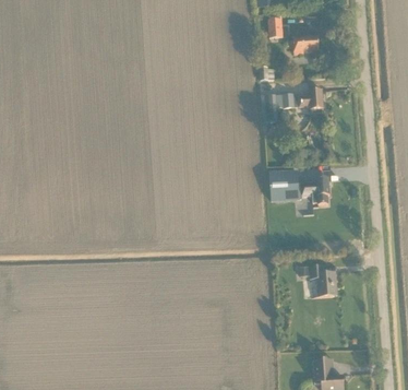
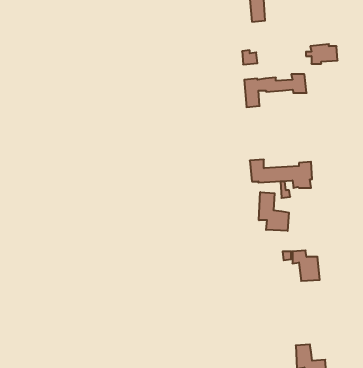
building: [287,34,319,54] -> [306,44,338,64]
building: none -> [259,192,289,231]

